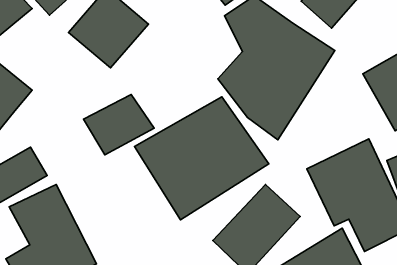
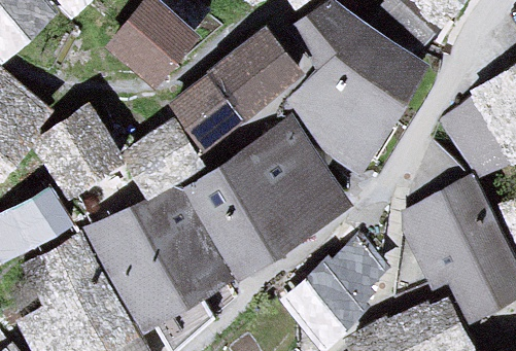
building: none -> [166,27,304,153]
building: none -> [32,107,125,200]
building: none -> [83,188,233,328]

